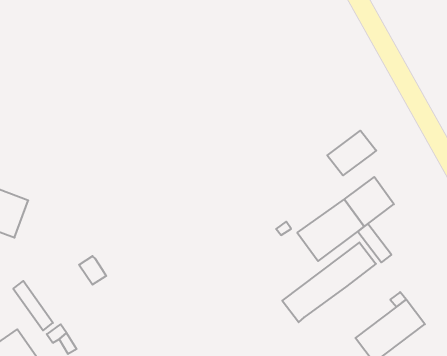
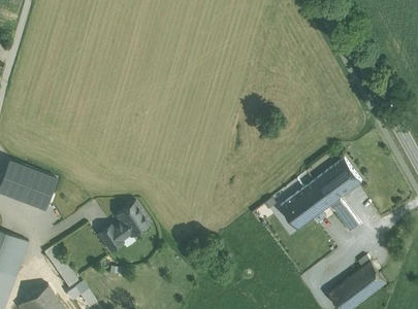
building: [327,131,376,175] -> none
building: none -> [112,201,150,236]
building: [282,242,376,322] -> none

